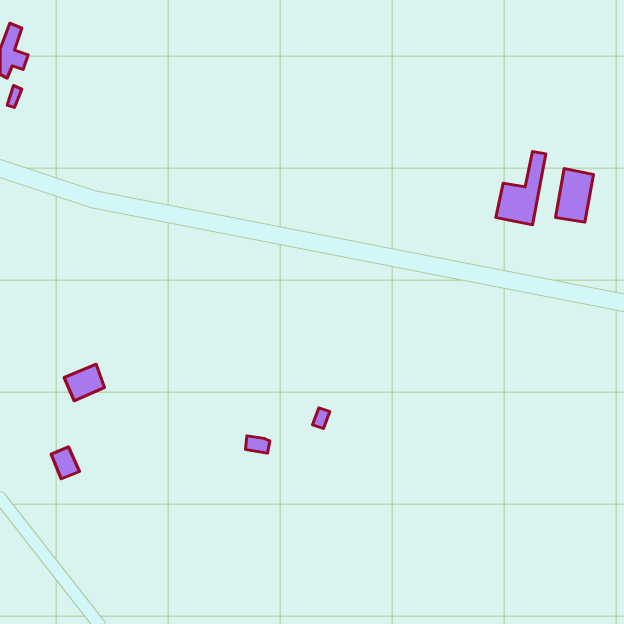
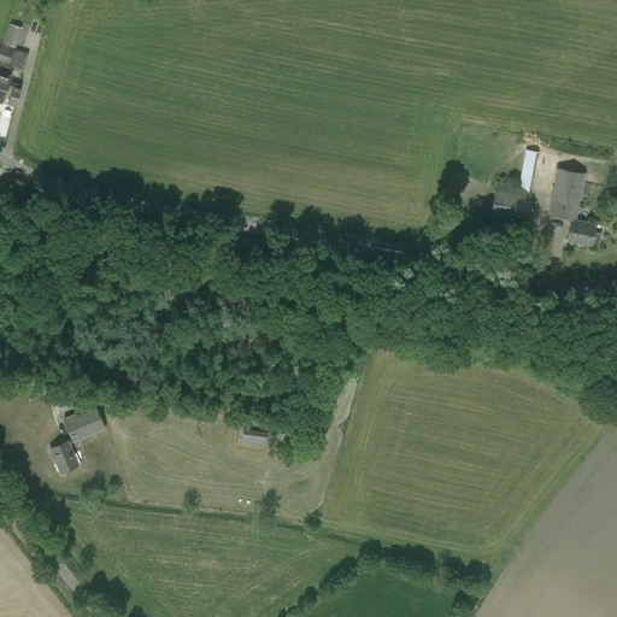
building: none -> [566,219,601,247]
building: [64,364,105,401] -> [64,406,104,442]

